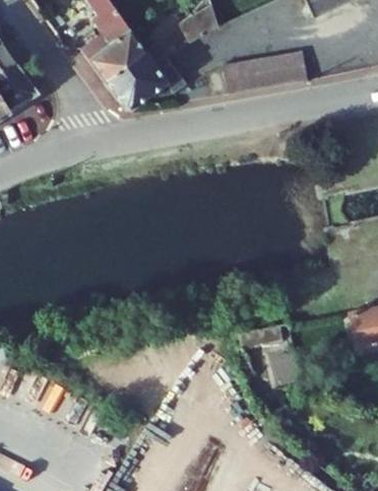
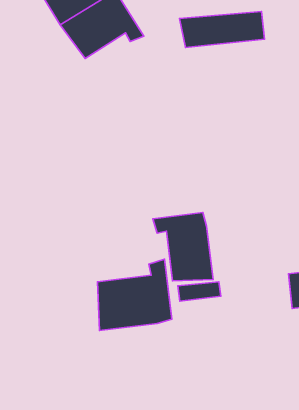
building: none -> [153,213,213,281]
building: none -> [98,259,172,331]

